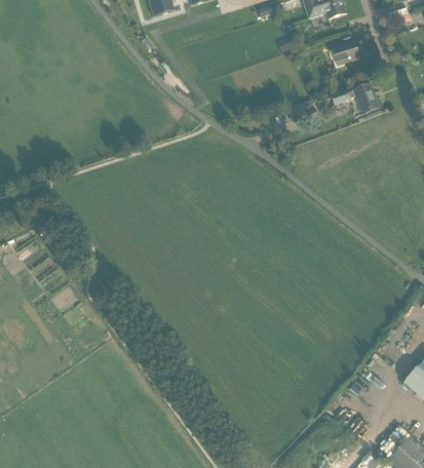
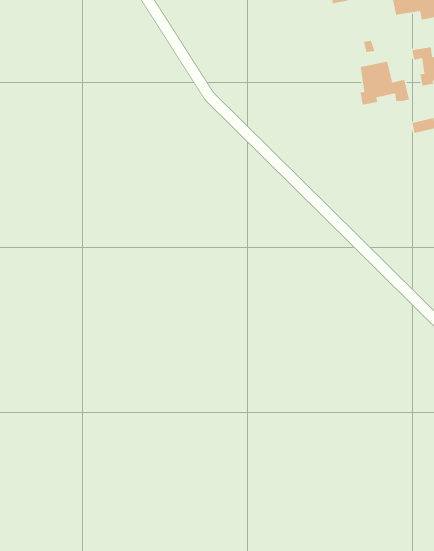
building: none -> [360,61,410,105]

